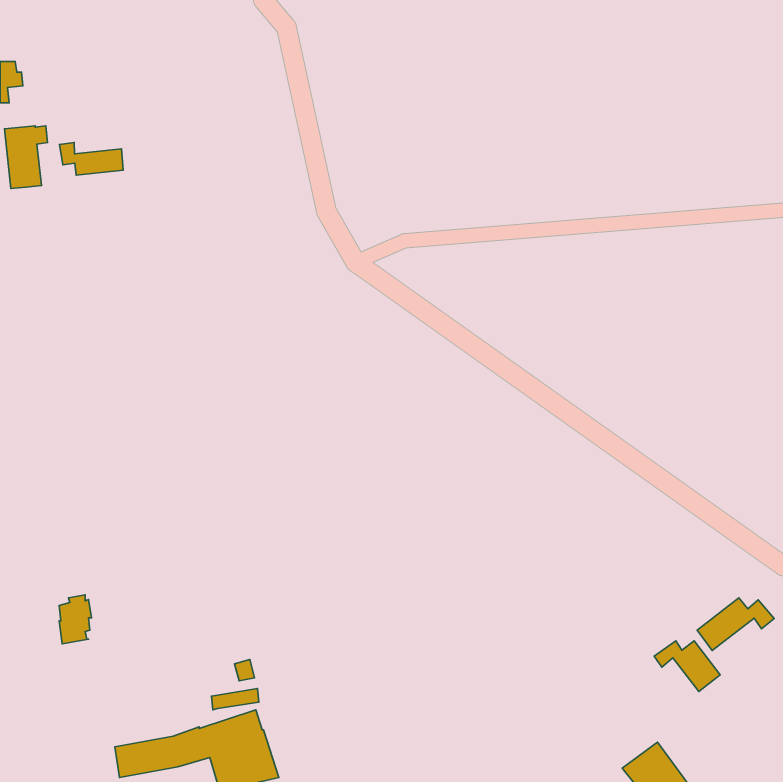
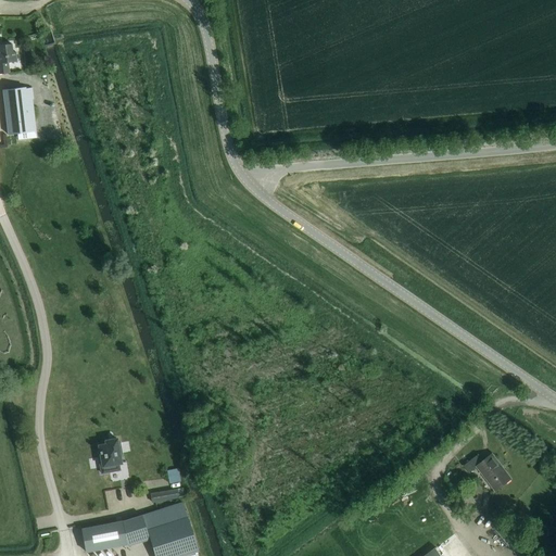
building: [60,143,123,175] -> none
building: [59,595,91,644] -> [99,439,122,473]
building: [697,598,774,650] -> none

